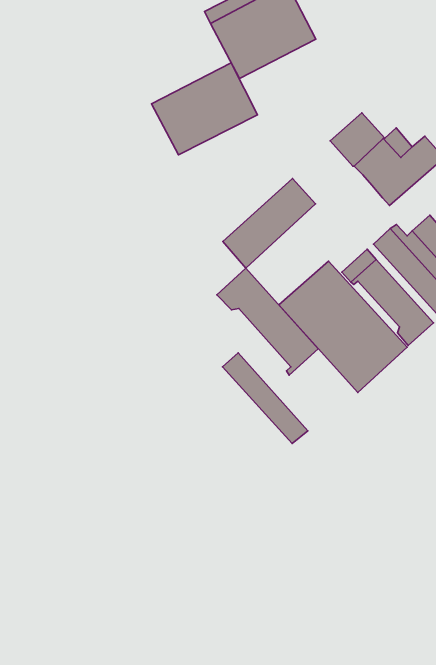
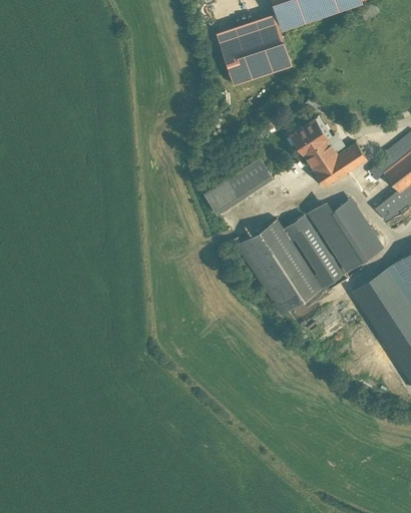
building: [152,63,258,155] -> none
building: [217,268,318,375] -> none
building: [223,353,308,444] -> none

